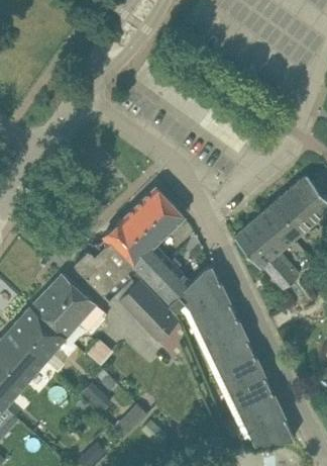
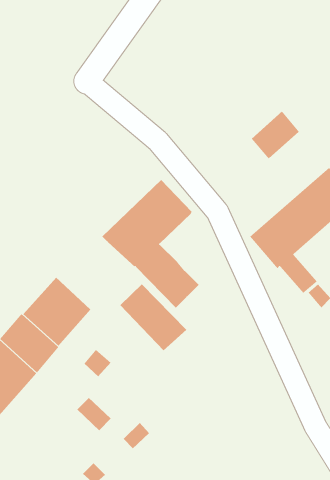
building: none -> [251,110,300,160]
building: [74,245,132,301] -> none
building: [169,266,294,446] -> none

